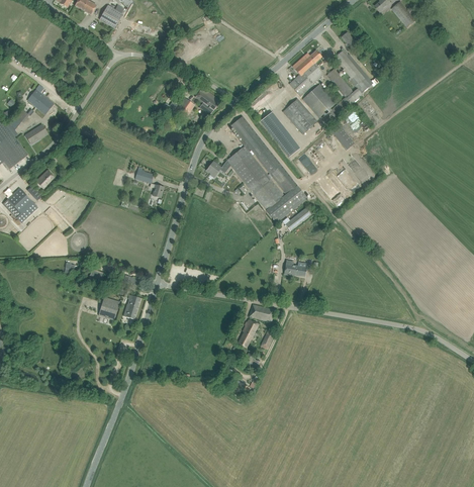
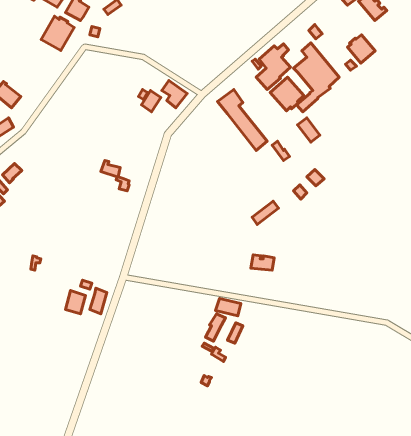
building: none -> [41,16,74,51]
building: none -> [347,35,375,63]
building: [286,99,316,130] -> none
building: [205,116,306,222] -> none

